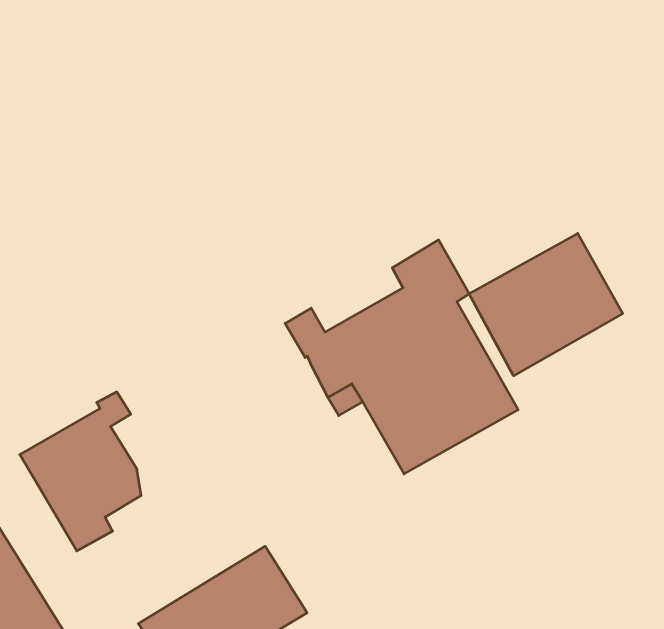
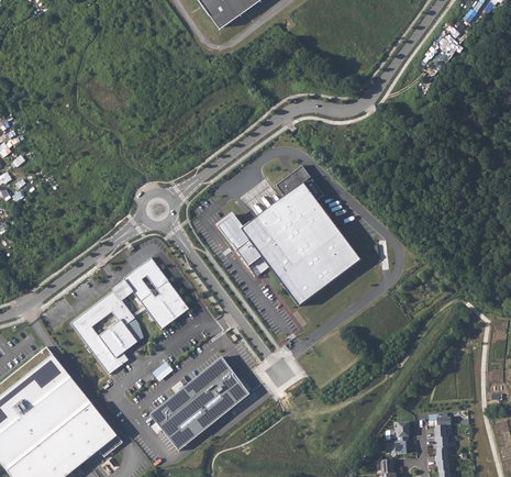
building: [469,233,623,376] -> none
building: none -> [122,257,189,330]

